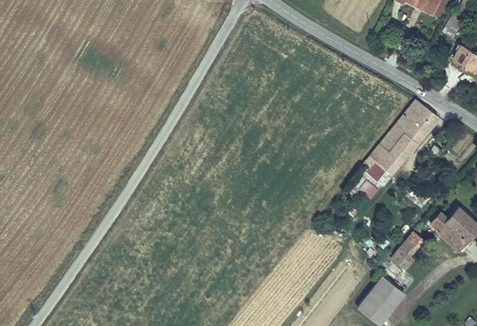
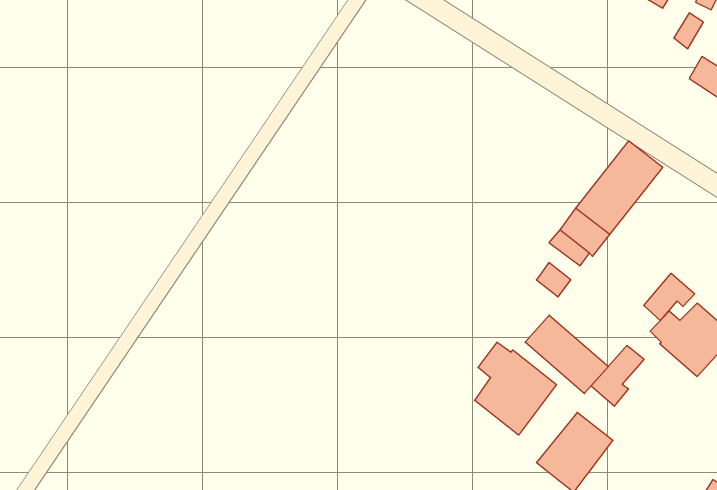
building: none -> [644,273,695,321]
building: none -> [525,315,608,394]
building: none -> [475,342,556,435]

